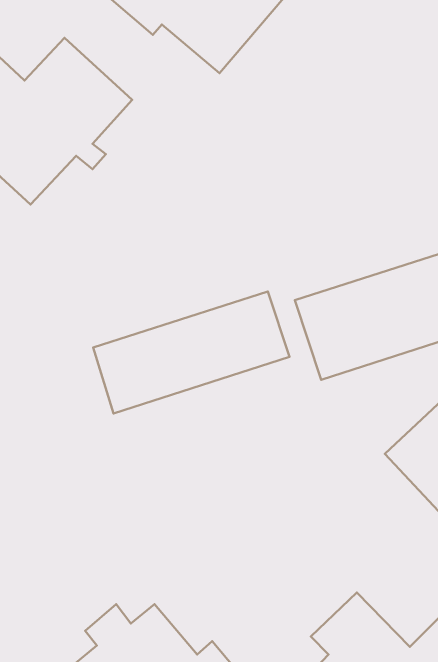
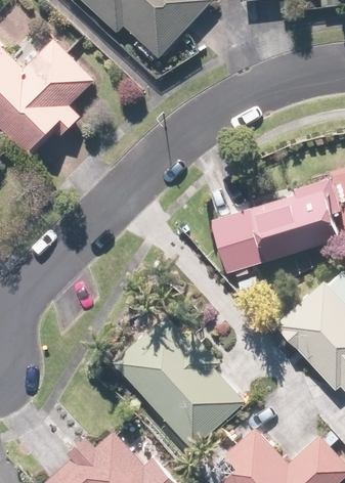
building: [93,292,290,414] -> none
building: none -> [116,309,255,453]

